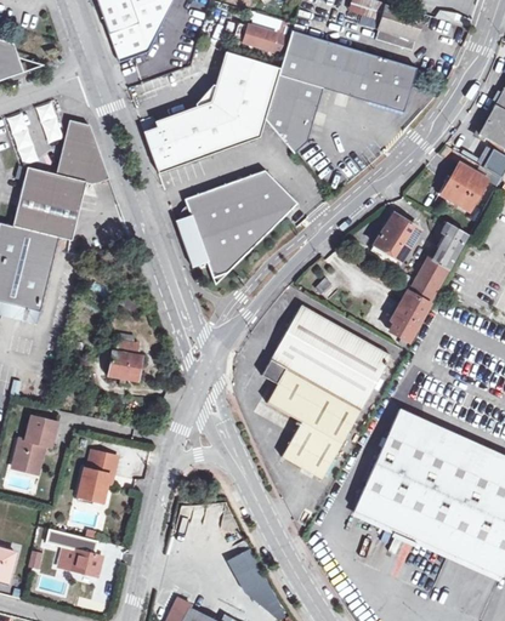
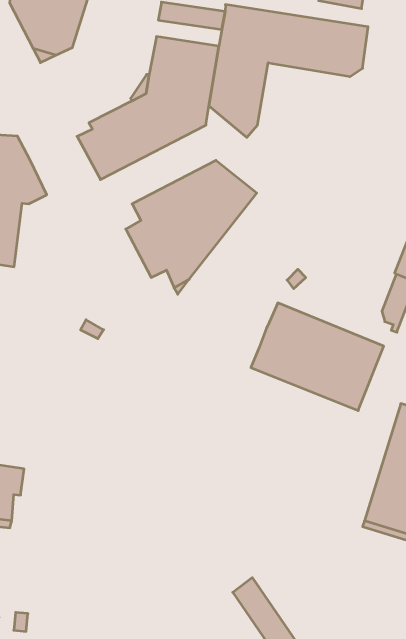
building: [371,212,420,264] -> none
building: [108,338,141,378] -> none
building: [262,358,362,478] -> none
building: [78,450,118,500] -> none
building: [58,537,106,575] -> none

